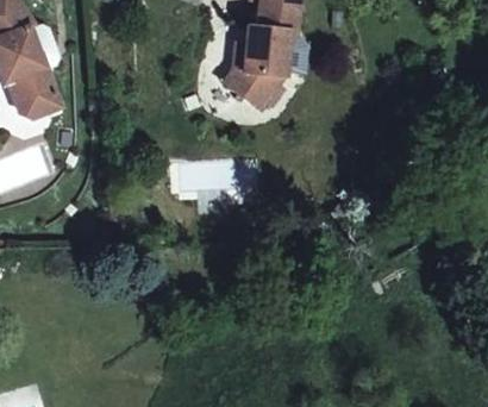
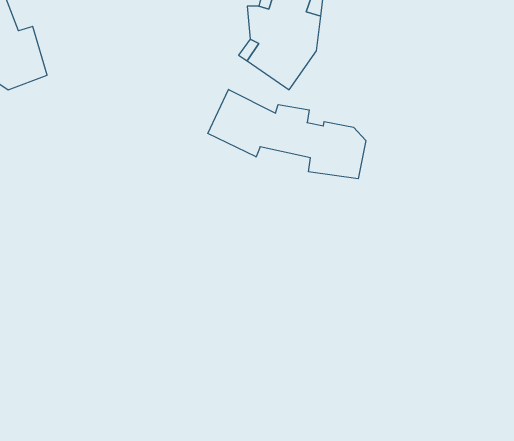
building: none -> [208,89,366,179]

